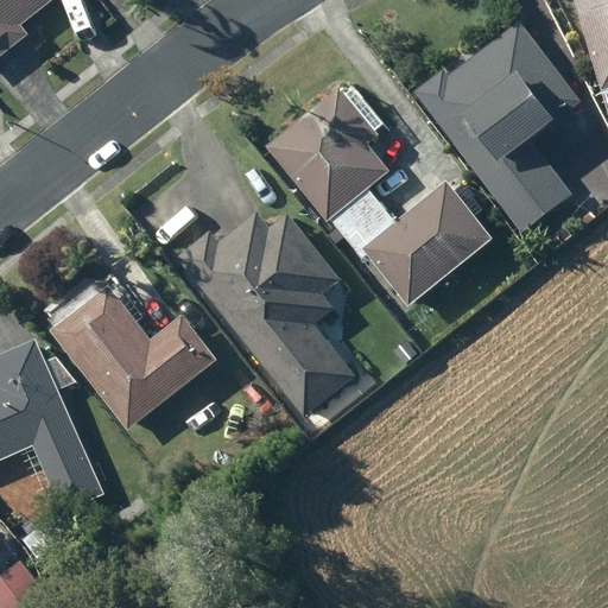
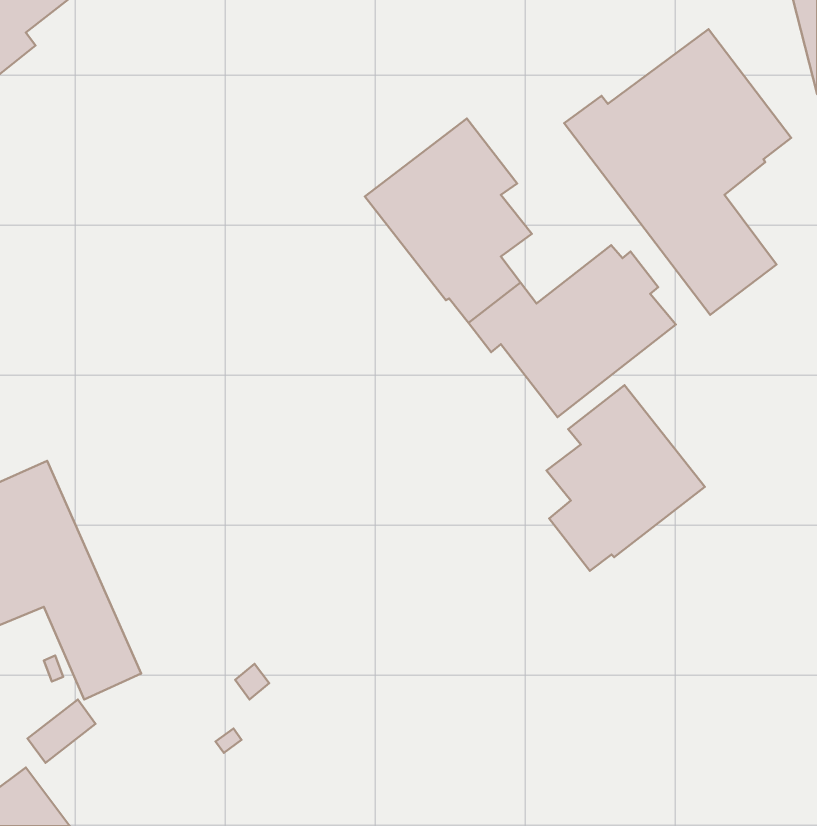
building: [177,211,355,417] -> none
building: none -> [547,385,705,571]
building: [50,285,217,429] -> none

